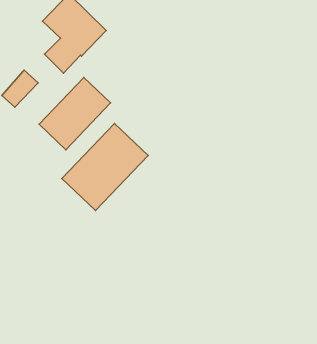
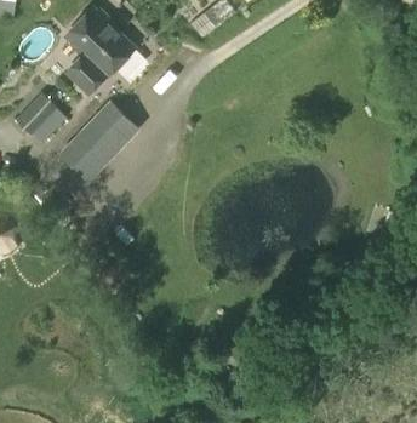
building: [62,123,148,211] -> none

